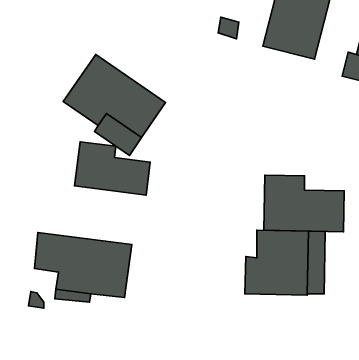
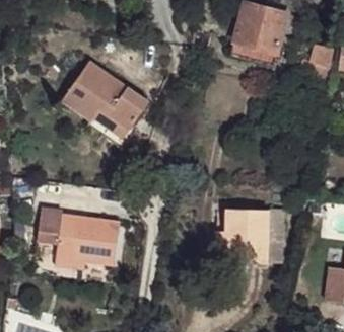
building: [75,142,150,195] -> none
building: [264,175,344,232] -> none

